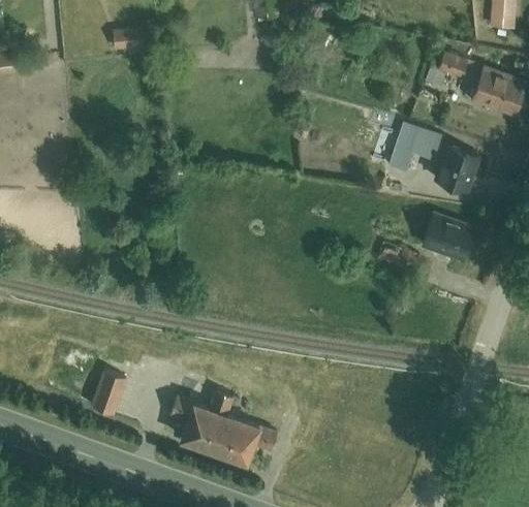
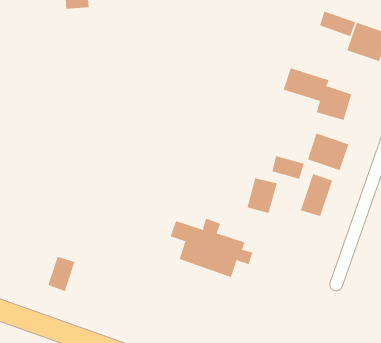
building: none -> [300,173,333,217]
building: none -> [247,177,277,214]
building: [169,387,276,464] -> [170,218,253,278]

